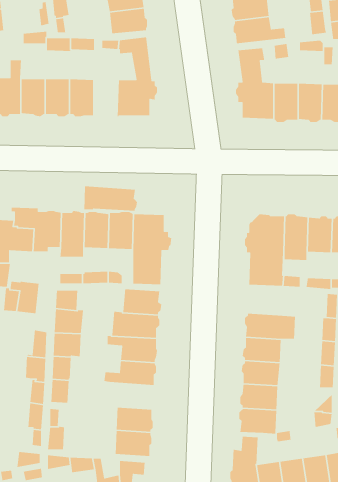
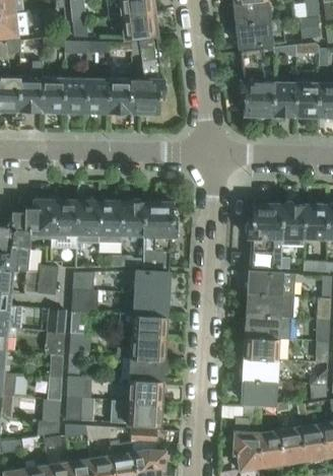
building: none -> [108,79,130,116]
building: [84,186,138,212] -> none
building: none -> [247,272,283,295]
building: none -> [121,357,164,382]

